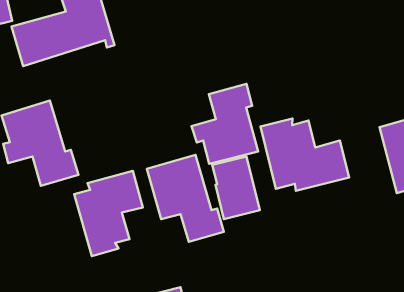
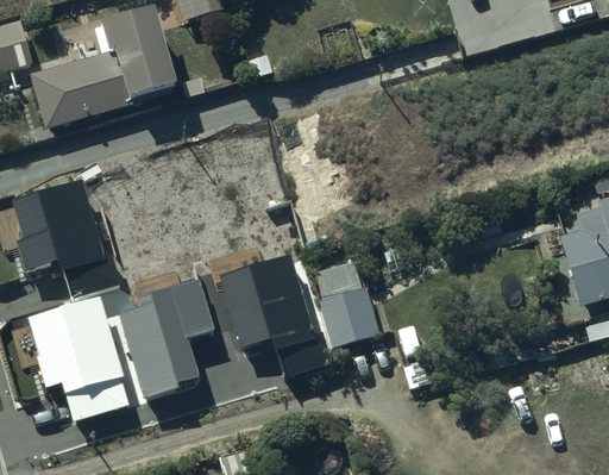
building: [192,84,258,164] -> none
building: [261,118,349,191] -> none
building: none -> [29,296,127,423]

